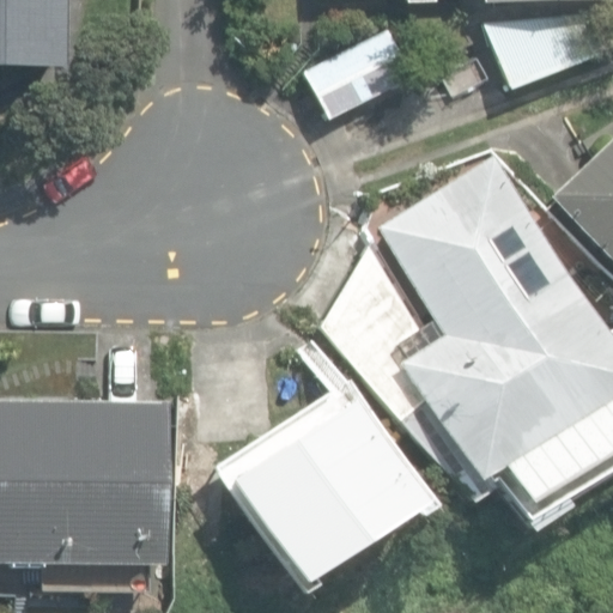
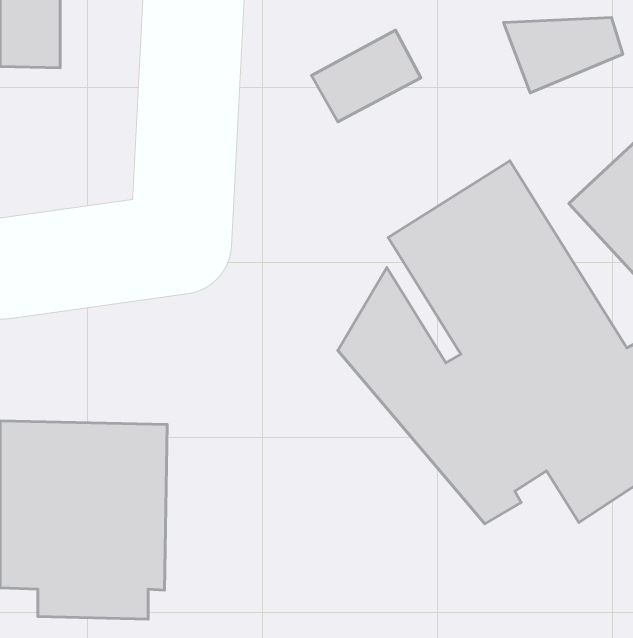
building: [231,402,418,584] -> none

